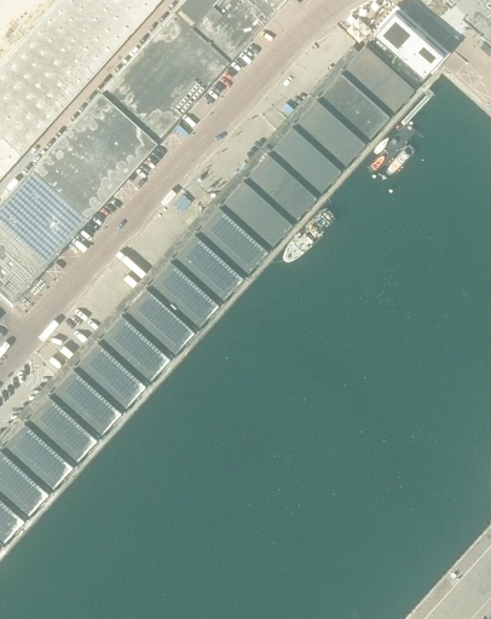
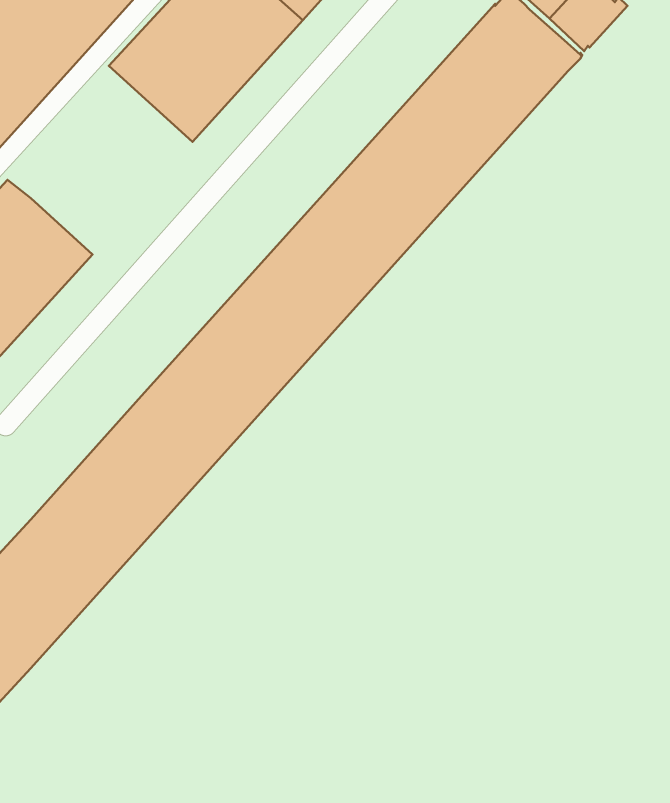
building: [34,91,157,216] -> none

